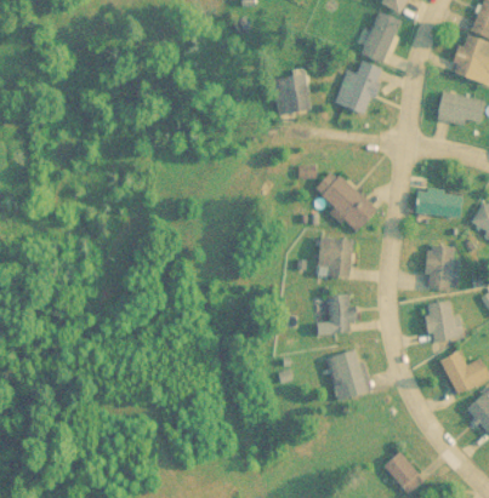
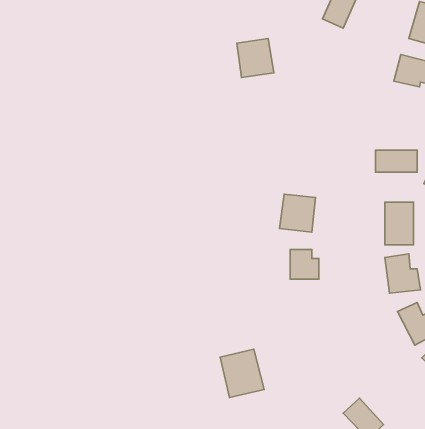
building: [334,62,381,114] -> none
building: [314,171,376,234] -> none
building: [324,349,370,400] -> [220,349,264,397]

